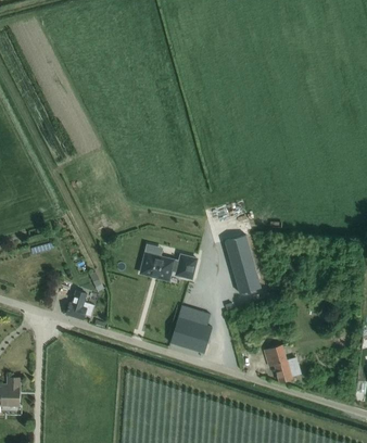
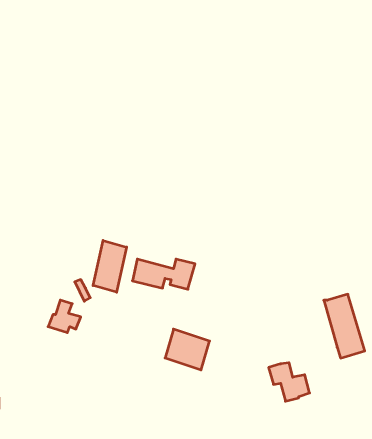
building: [224,235,261,292] -> [324,294,365,358]
building: none -> [93,240,127,292]

